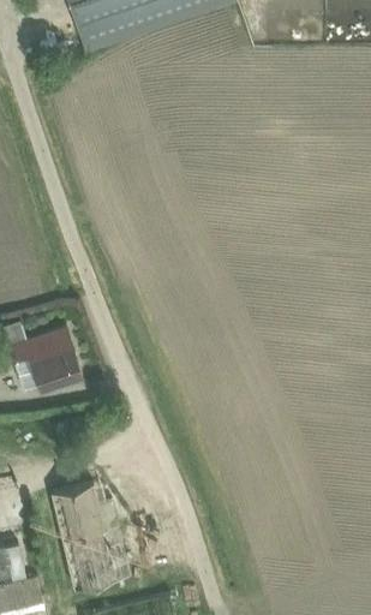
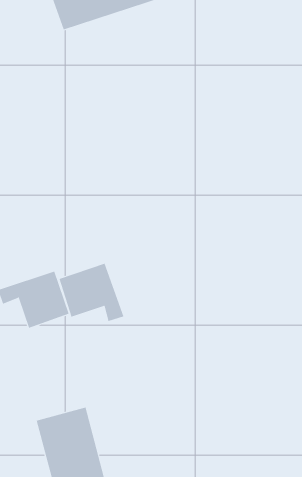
building: none -> [59,263,124,322]

